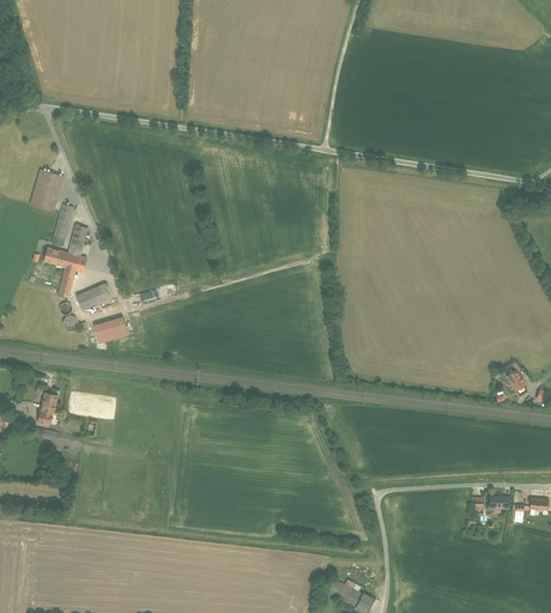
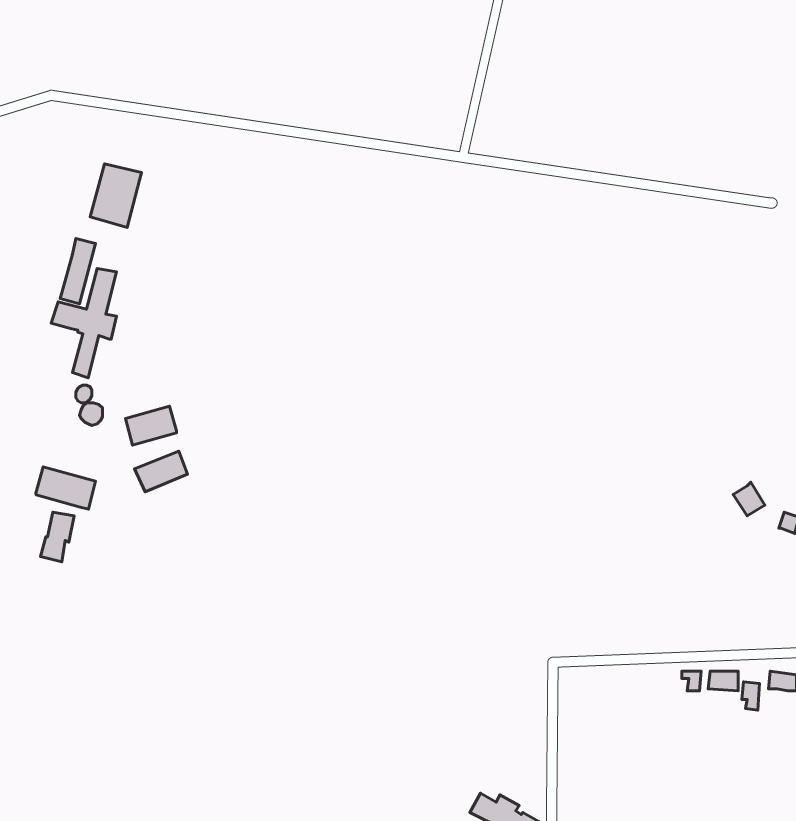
building: [29,169,63,212] -> [90,164,141,227]
building: [74,283,110,310] -> [135,451,188,492]
building: none -> [36,467,96,509]

